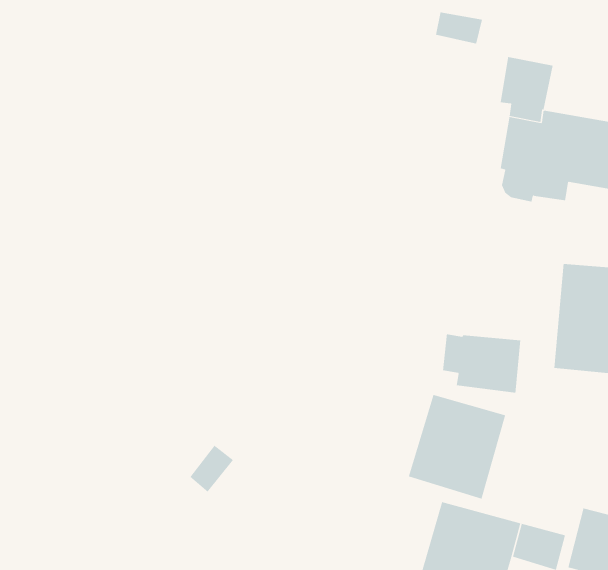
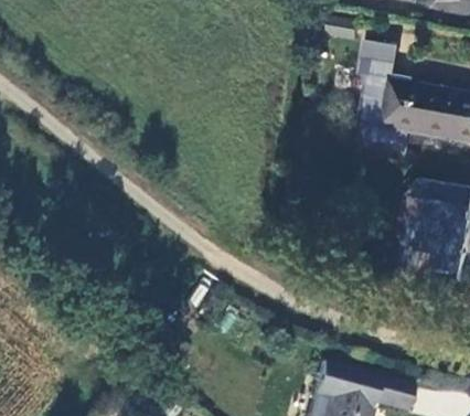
building: [442,334,521,393] -> none
building: [408,394,506,500] -> none

